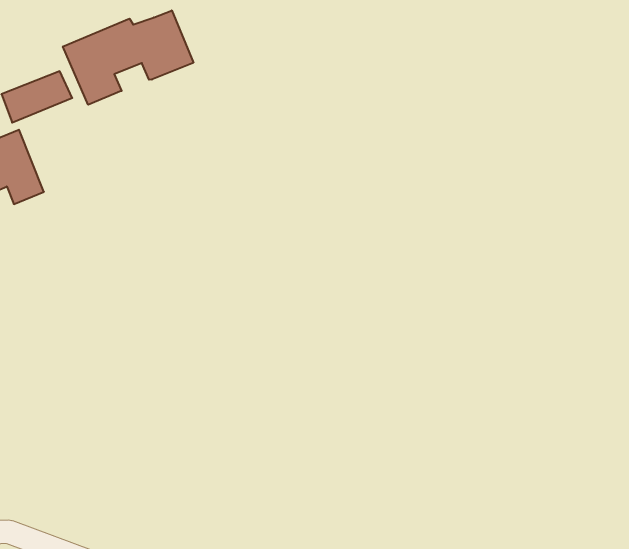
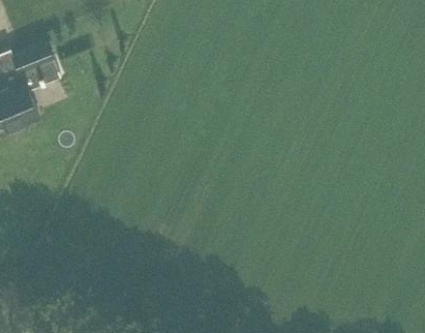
building: [63,10,193,105] -> none

